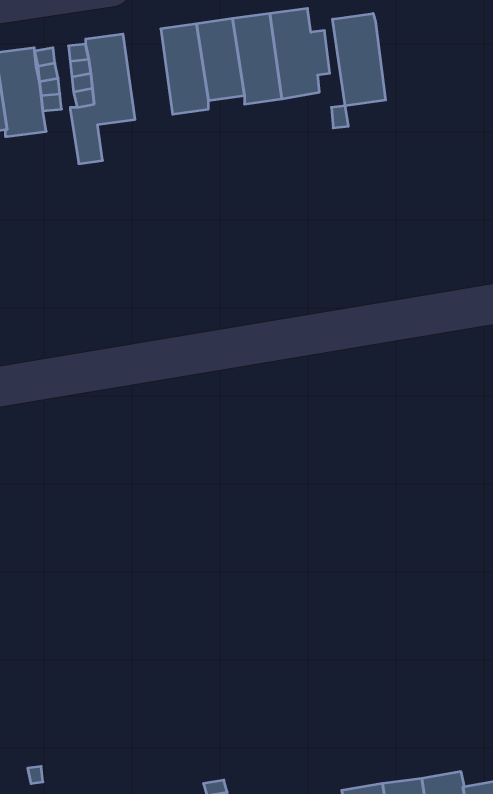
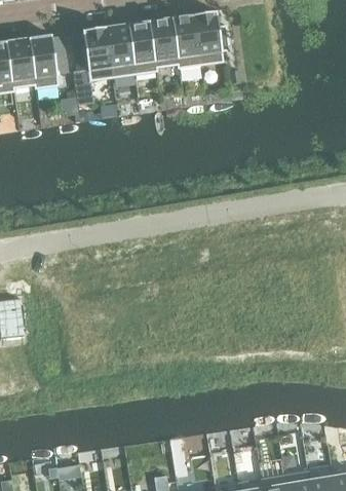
building: [333,13,386,106] -> none
building: none -> [104,24,133,78]

